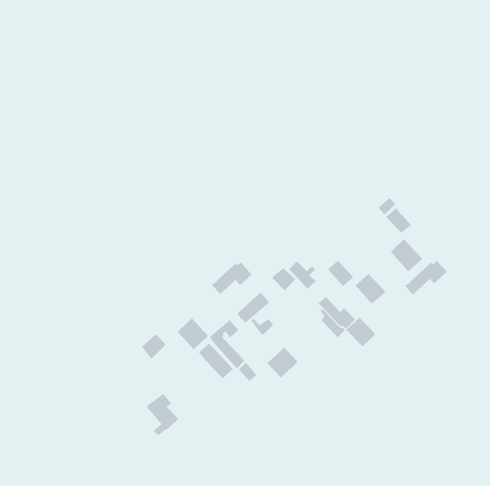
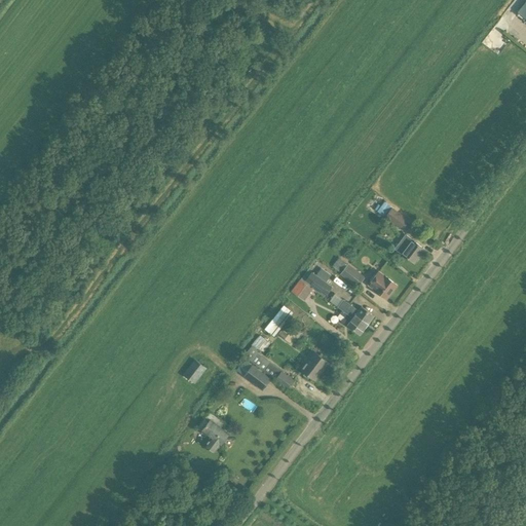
building: [404,260,447,295] -> none
building: [211,262,252,295] -> none
building: [346,317,376,347] -> none
building: [177,317,209,350] -> none

